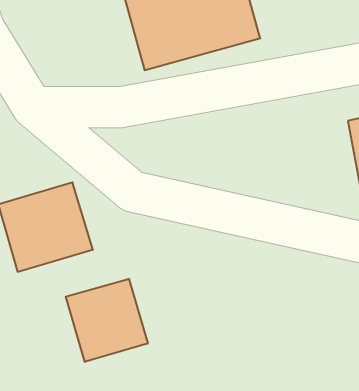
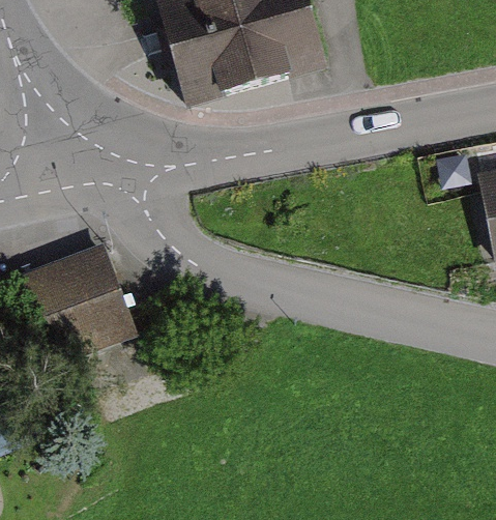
building: [66,279,148,362] -> none

